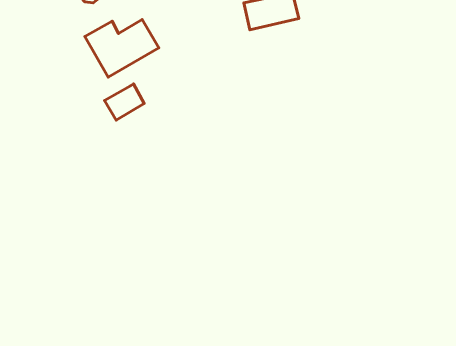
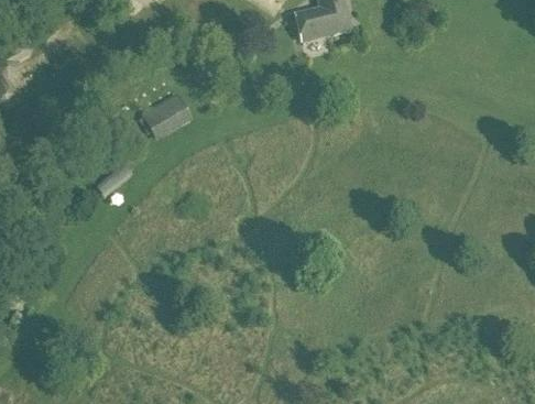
building: [85,20,159,77] -> none

